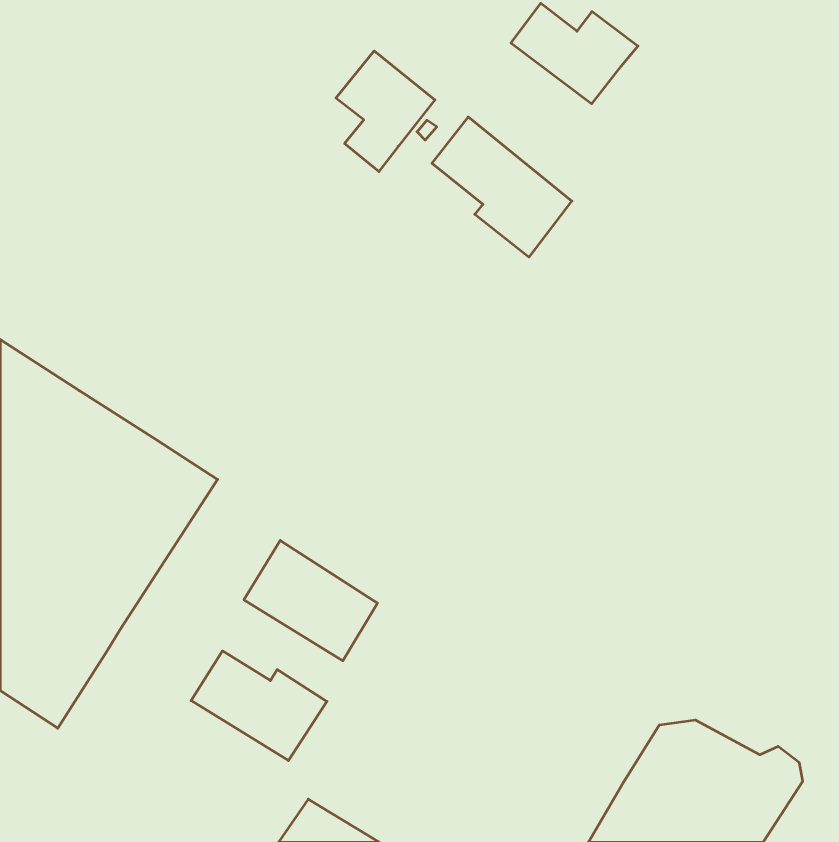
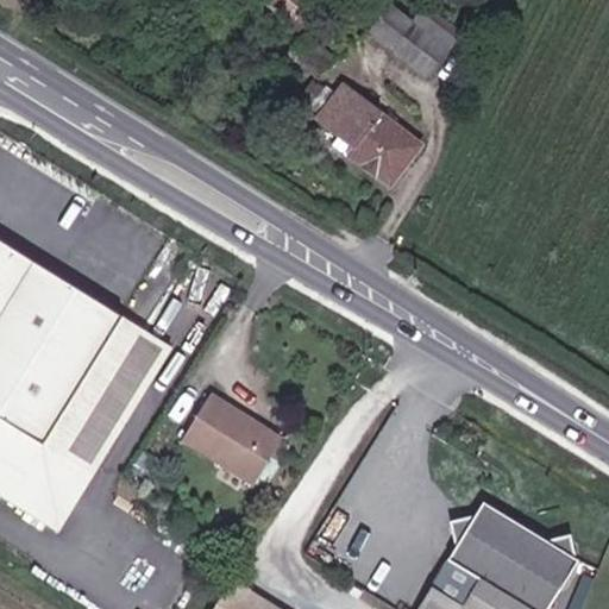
building: [336,51,435,172] -> none
building: [191,651,327,761] -> none

